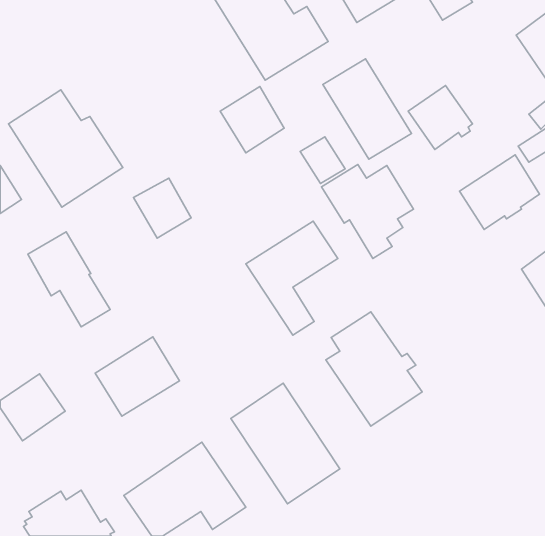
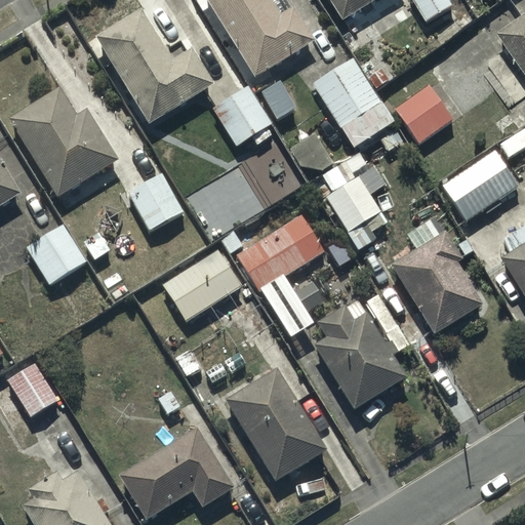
building: none -> [97,9,215,125]
building: none -> [391,232,483,335]
building: [95,337,180,416] -> [163,245,244,321]

